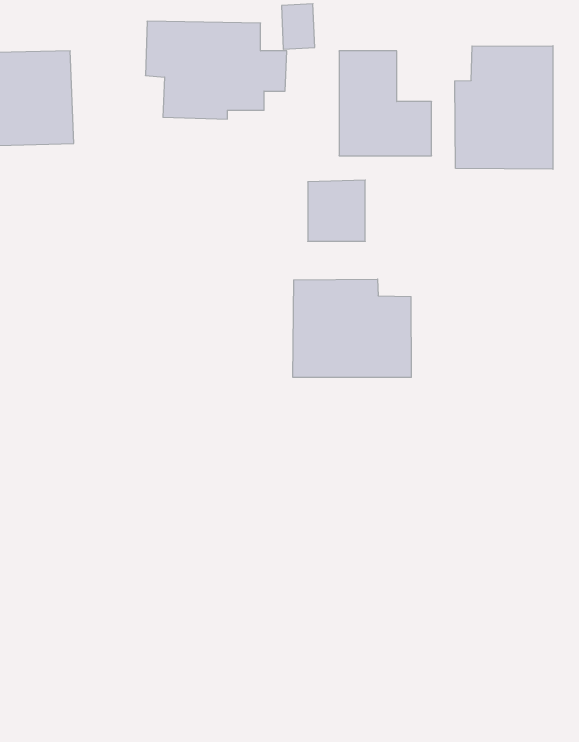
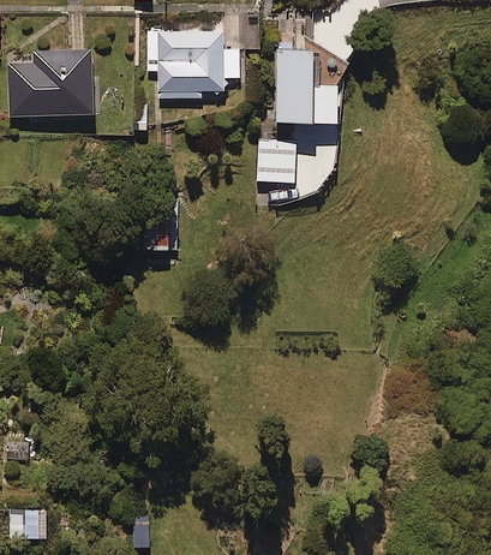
building: [455,46,553,169] -> none
building: [293,279,411,377] -> none

